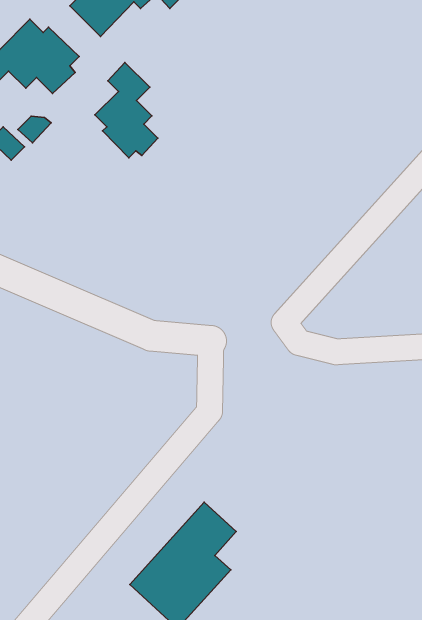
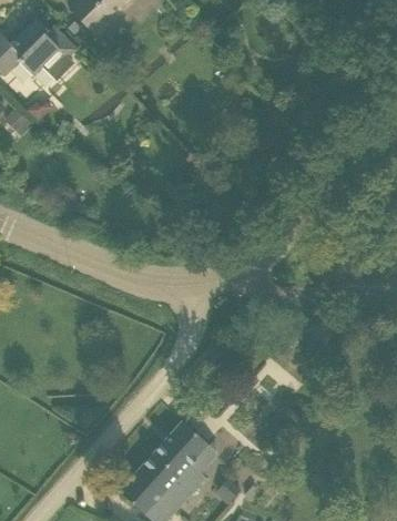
building: [95,62,158,158] -> none

